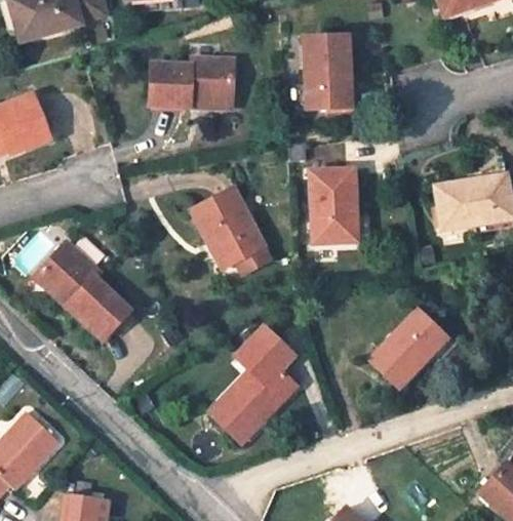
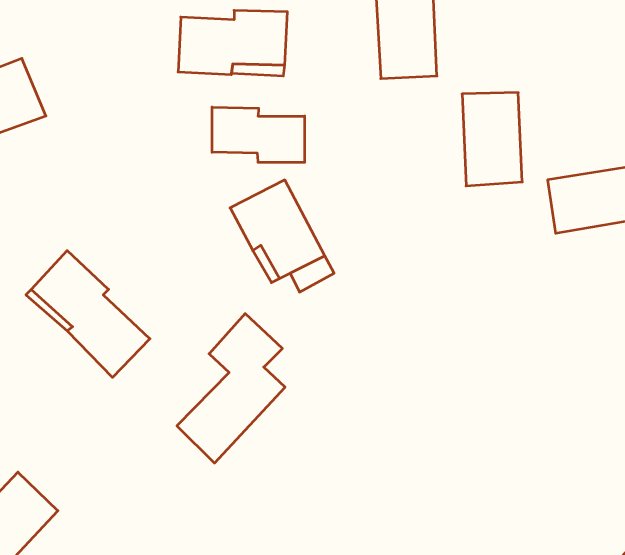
building: none -> [212,107,305,162]
building: [310,170,356,242] -> [462,93,522,186]
building: [370,310,446,388] -> none
building: [211,327,294,442] -> [177,314,285,463]

